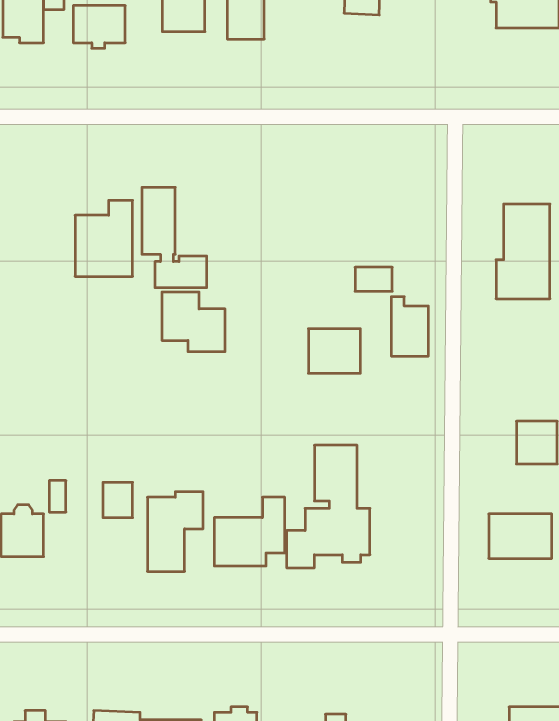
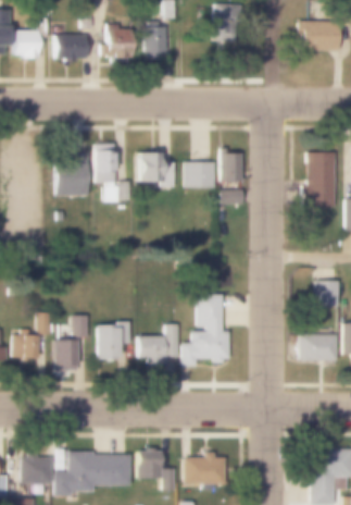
building: [162,292,225,352] -> [139,152,176,187]
building: [391,297,428,356] -> [221,148,242,183]
building: [308,329,360,373] -> [185,161,215,187]
building: none -> [53,340,77,369]

